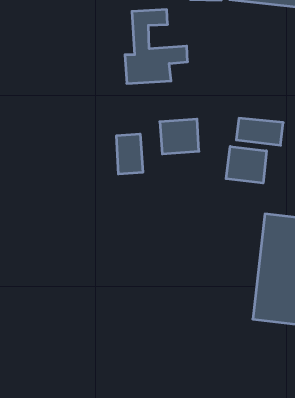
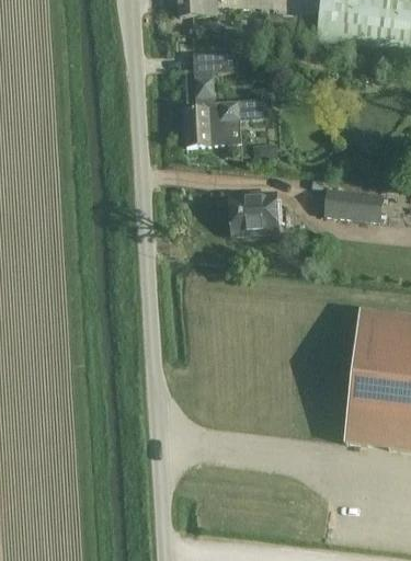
building: [117,134,143,174] -> none
building: [226,146,266,183] -> none

